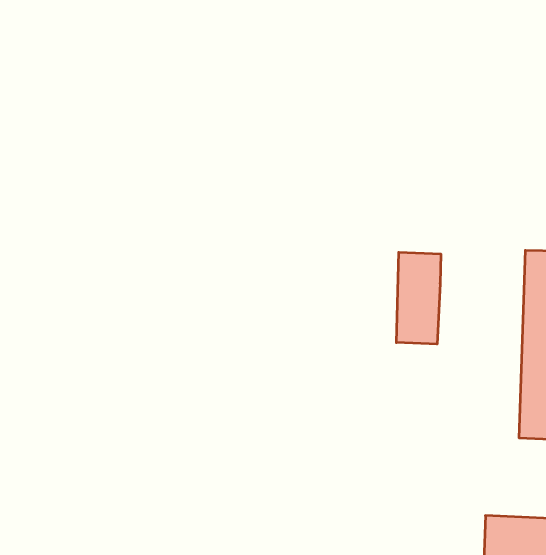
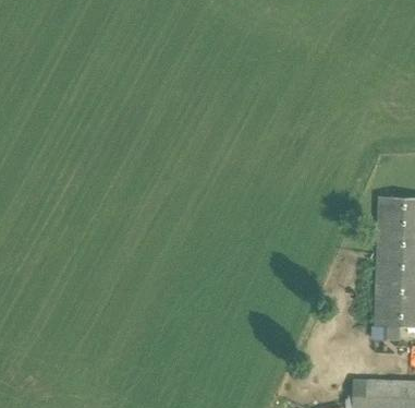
building: [396,252,441,344] -> none

